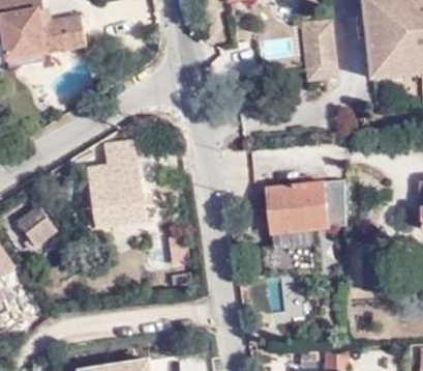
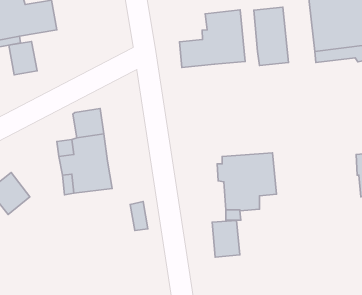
building: none -> [179,10,245,68]
building: none -> [9,42,37,75]
building: none -> [212,221,240,257]

